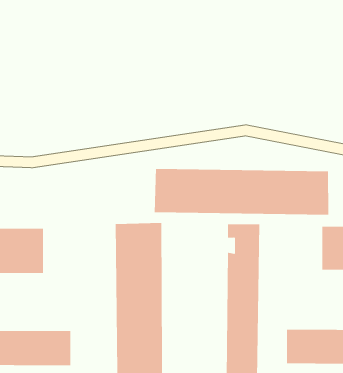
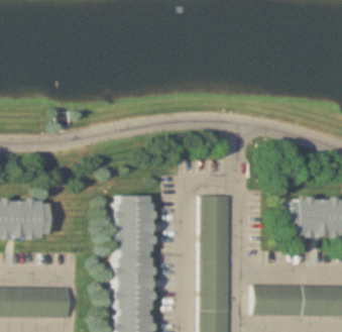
building: [154,168,329,215] -> none

